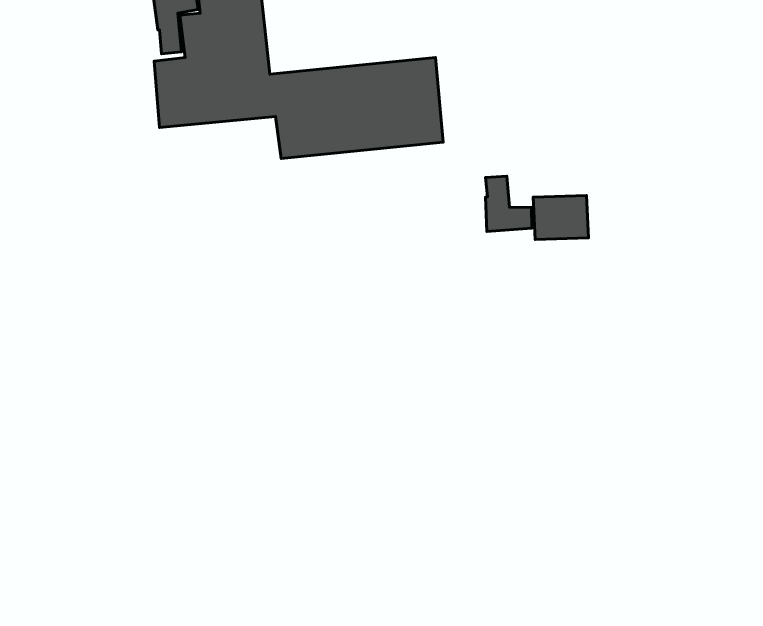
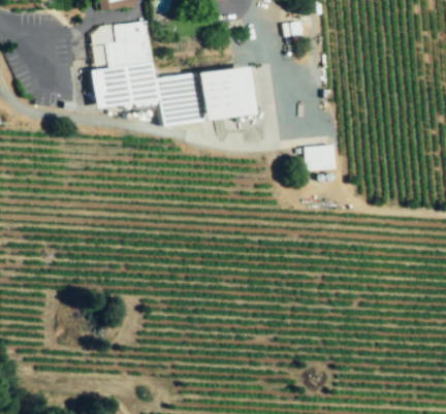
building: [485,176,532,231] -> none

